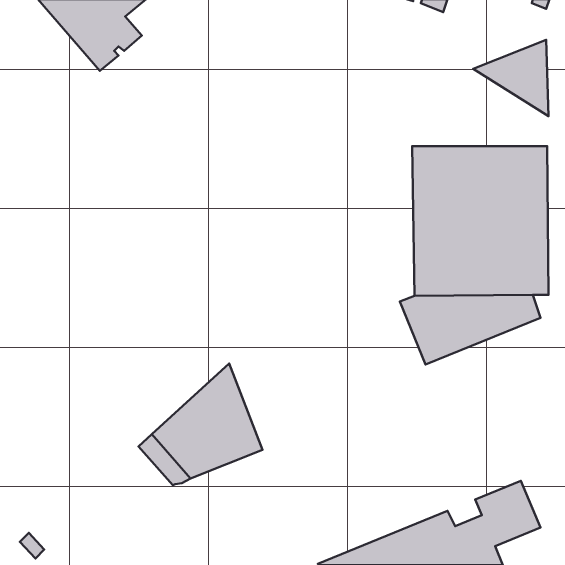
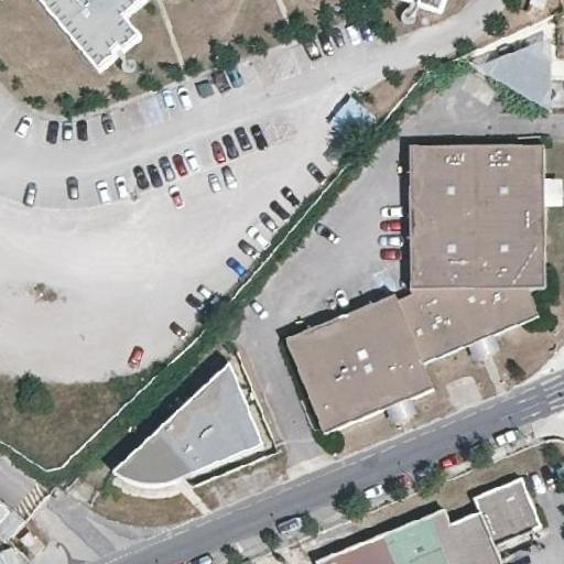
building: none -> [285,294,434,433]
building: none -> [113,444,172,484]

